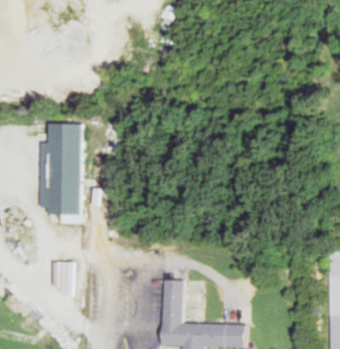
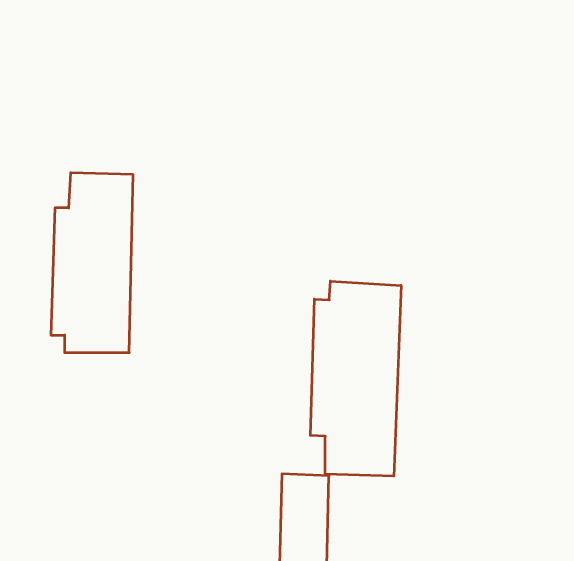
building: none -> [310,281,401,476]

